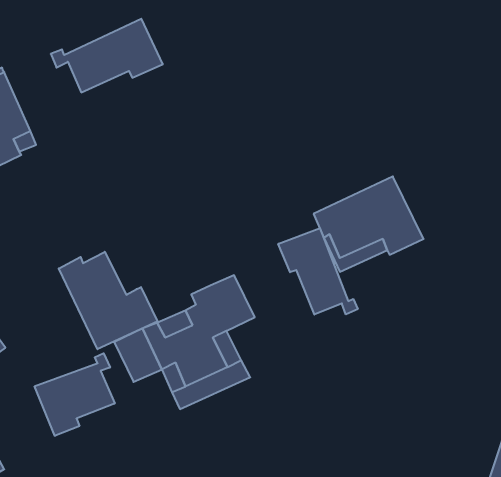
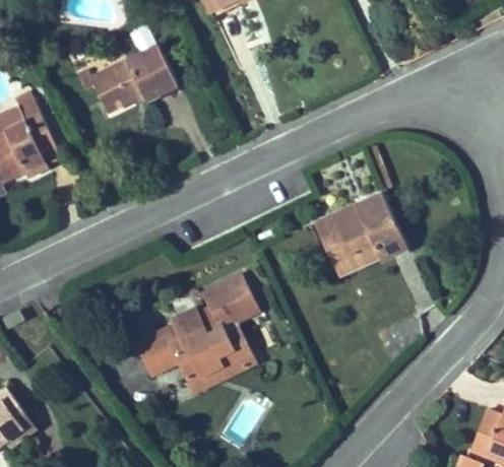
building: [278,228,358,315] -> none
building: [59,252,158,349] -> none
building: [35,353,115,436] -> none

